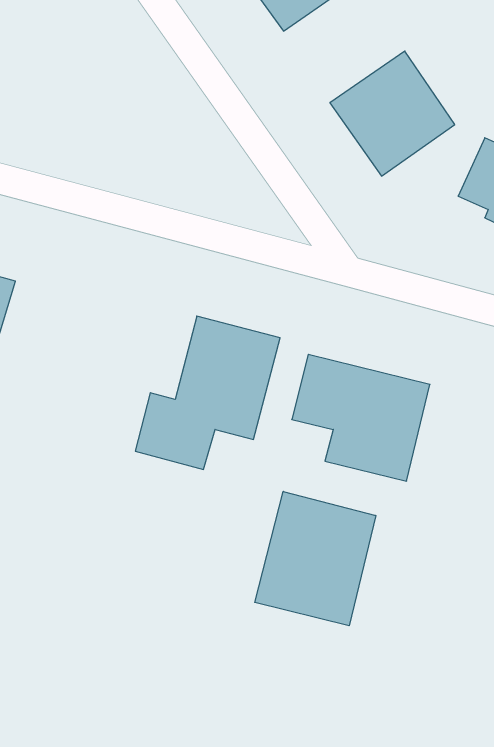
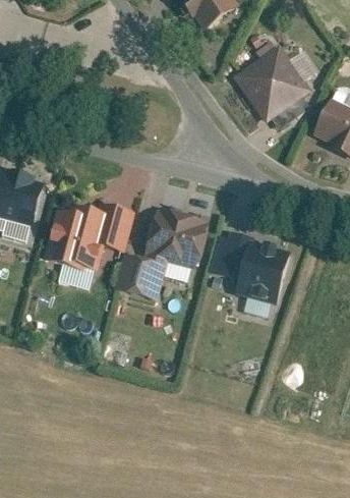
building: none -> [43,202,134,288]
building: [255,491,376,626] -> none

